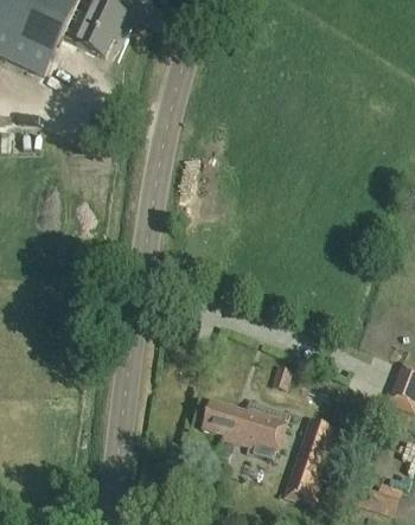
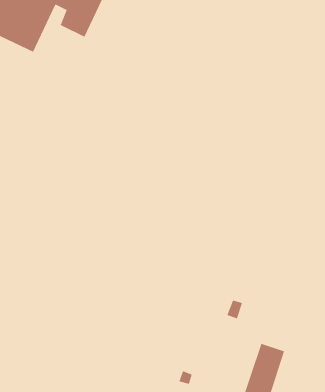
building: [199,399,287,456] -> none

